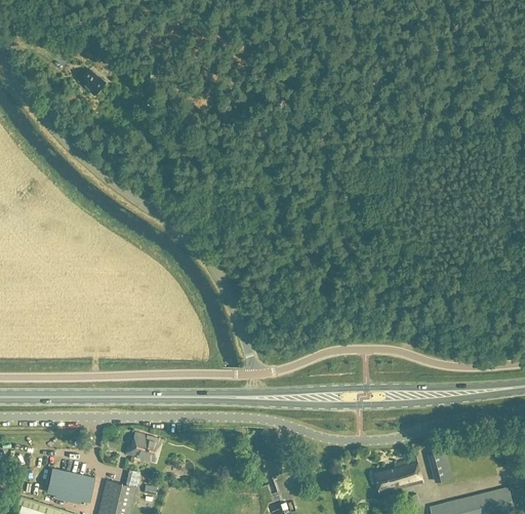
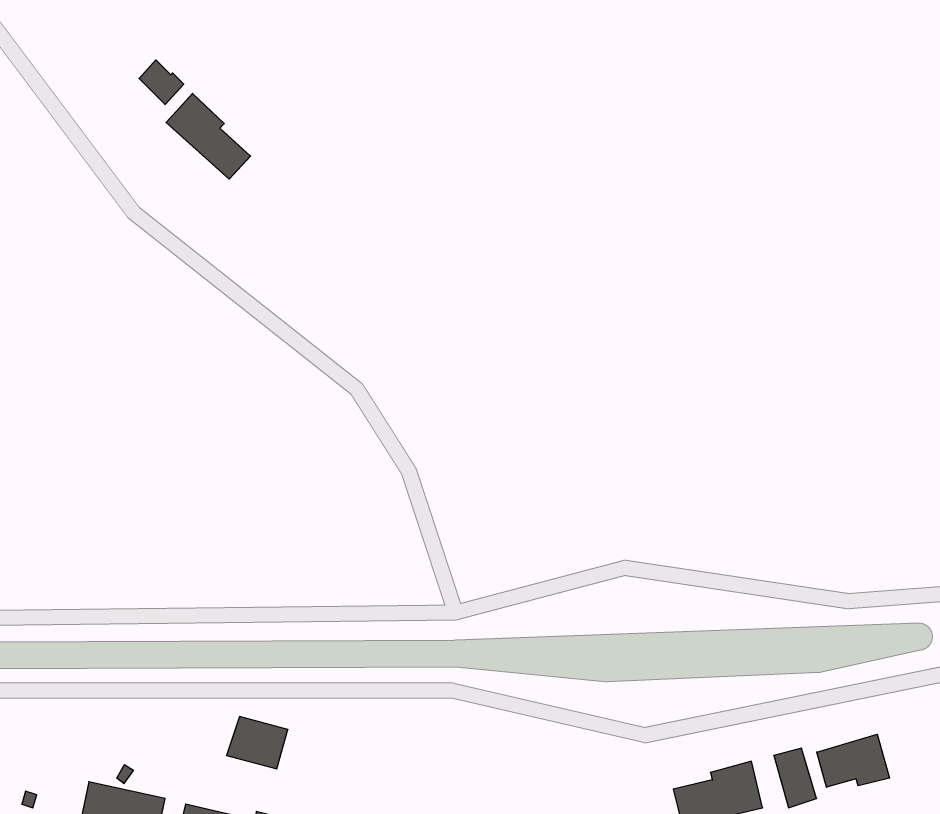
building: none -> [166,93,251,179]
building: none -> [817,734,890,787]

